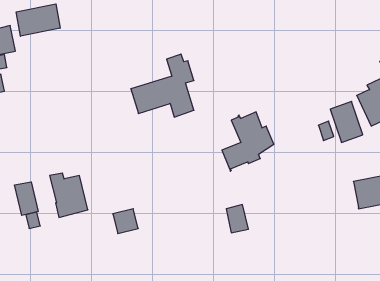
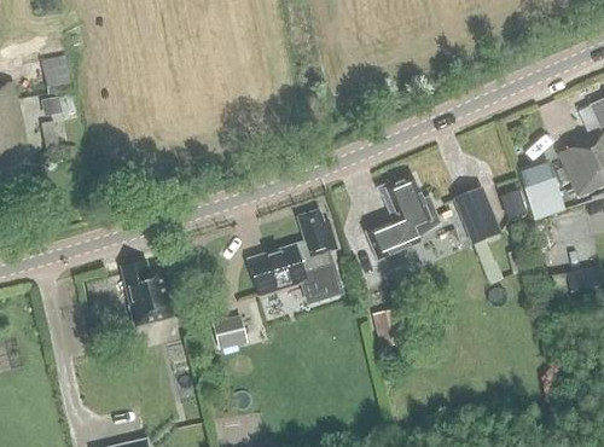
building: [16,4,60,36] -> none
building: [131,54,194,117] -> [249,210,338,300]
building: none -> [452,185,499,240]
building: [15,182,38,215] -> none

